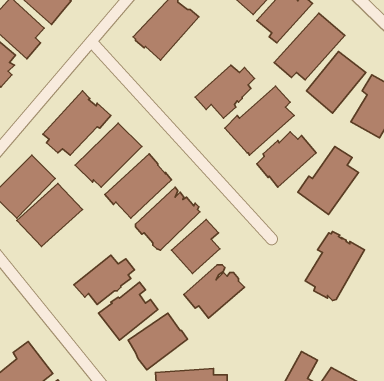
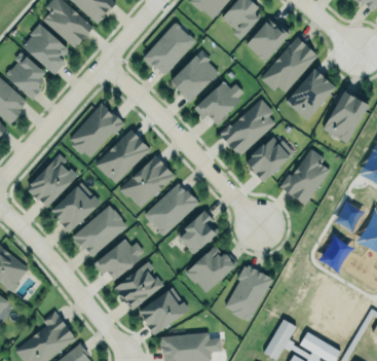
building: none -> [169,55,219,102]
building: none -> [70,203,128,259]
building: [305,231,365,301] -> [225,264,274,322]

